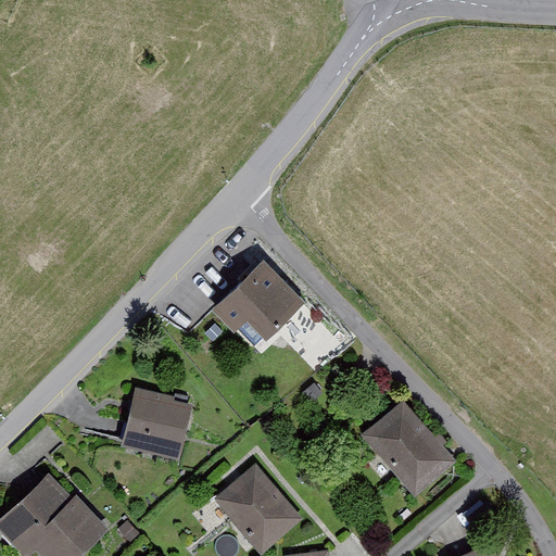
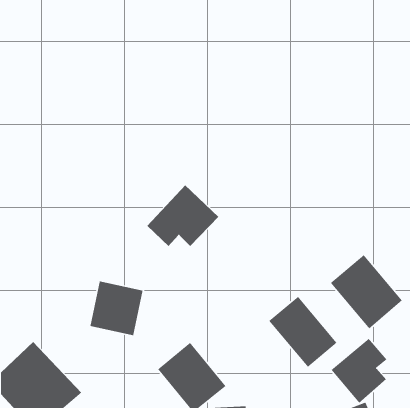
building: none -> [330,254,403,329]
building: none -> [330,338,388,404]

